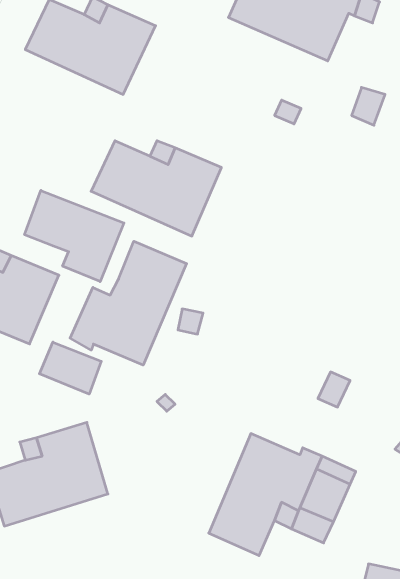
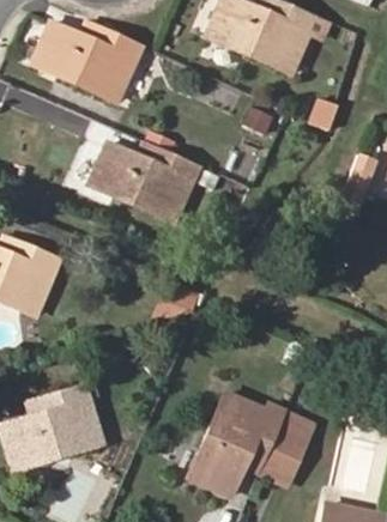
building: [25,190,124,282] -> none
building: [70,241,187,365] -> none
building: [39,342,101,394] -> none

